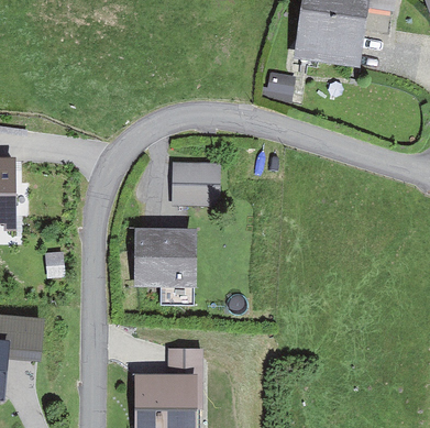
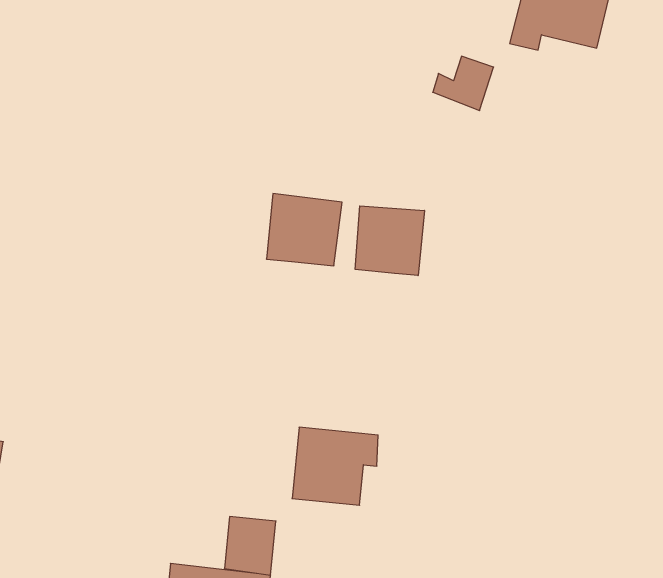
building: none -> [355,206,424,276]
building: [143,242,189,283] -> [292,427,378,505]

